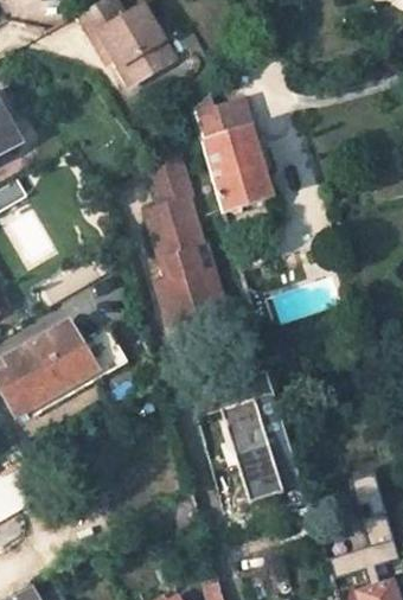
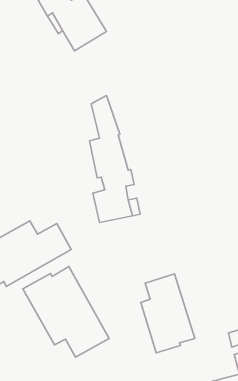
building: [194,104,275,219] -> none
building: none -> [23,266,109,357]

